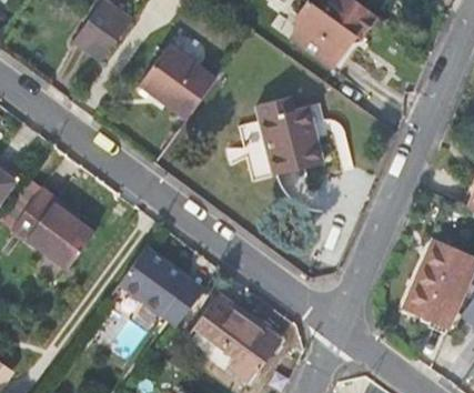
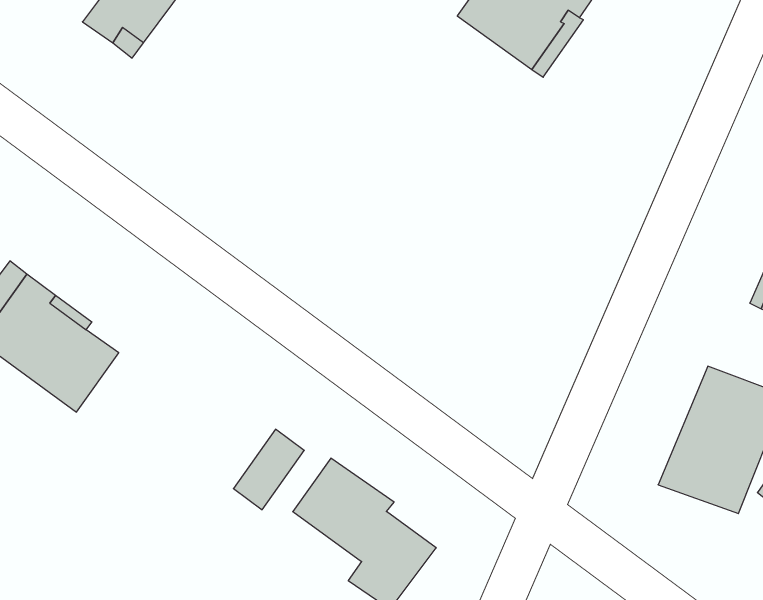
building: [141,46,216,118] -> none
building: [256,94,322,174] -> none
building: [120,249,184,313] -> none

